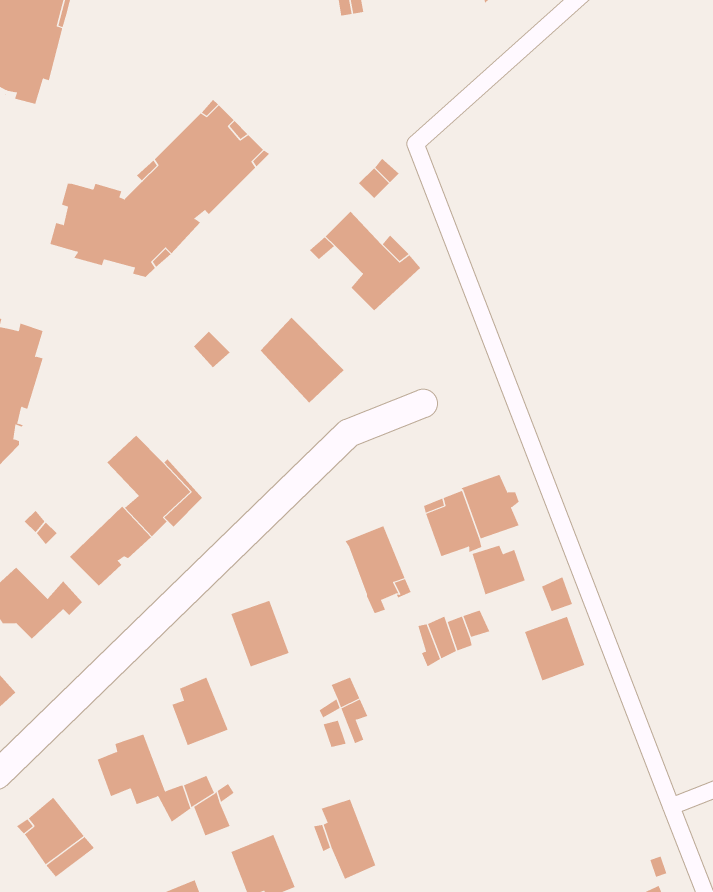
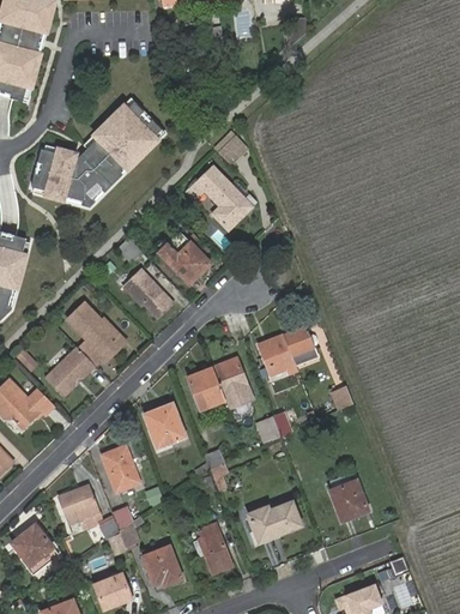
building: none -> [122,270,174,319]
building: [472,545,526,595] -> none
building: none -> [186,371,224,409]
building: [524,616,585,681] -> [329,478,367,518]
building: none -> [243,501,296,542]

